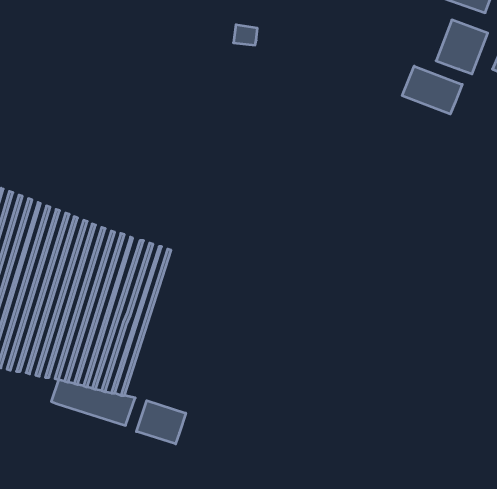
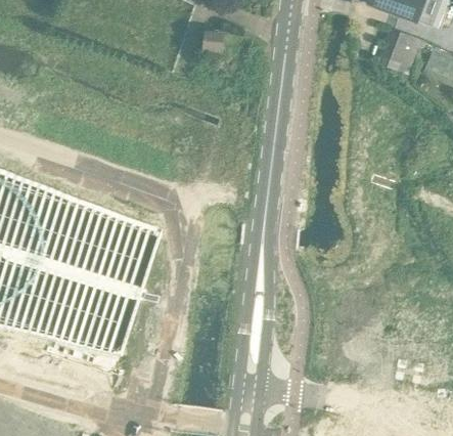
building: [402,66,462,114] -> none
building: [136,401,186,444] -> none

